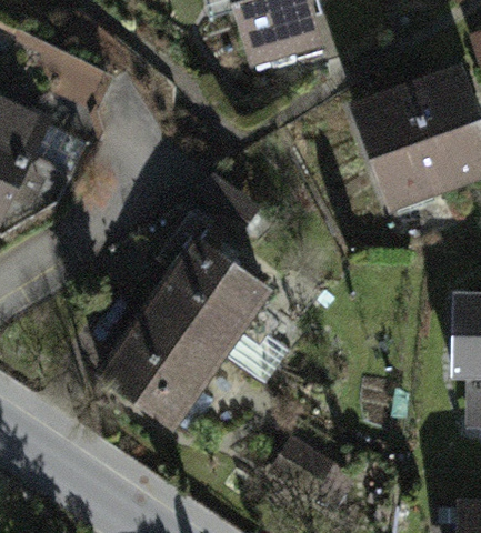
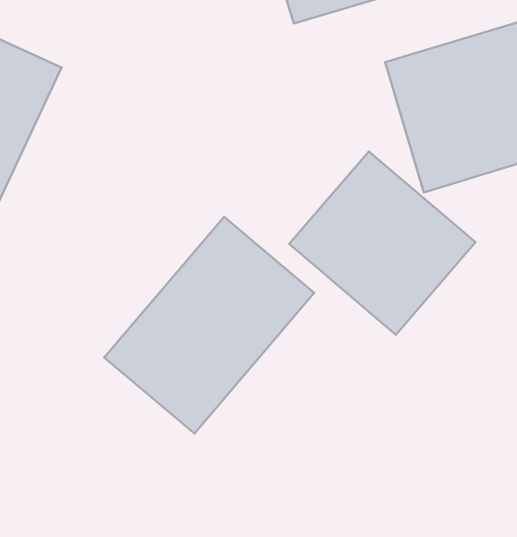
building: none -> [289,151,476,335]

